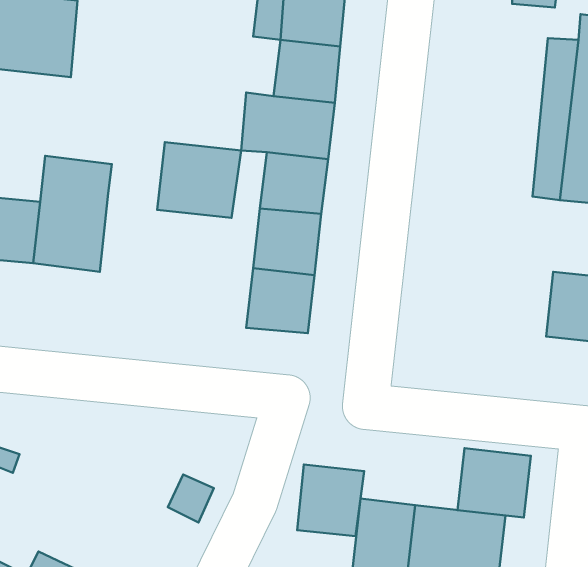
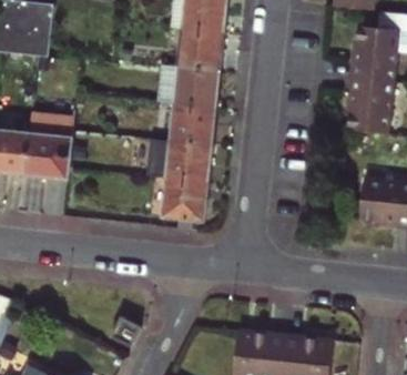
building: [157,142,241,218] -> none
building: [458,448,531,518] -> none
building: [297,464,364,536] -> none

